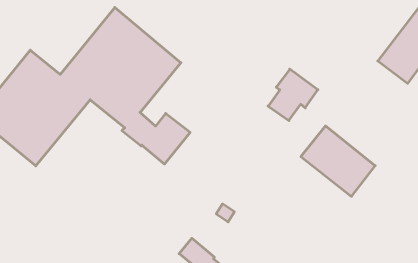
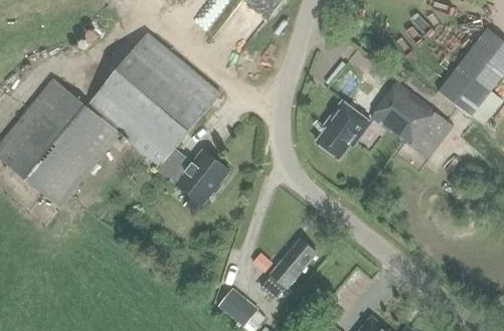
building: [301,126,375,196] -> [369,81,452,160]
building: none -> [262,239,315,300]

